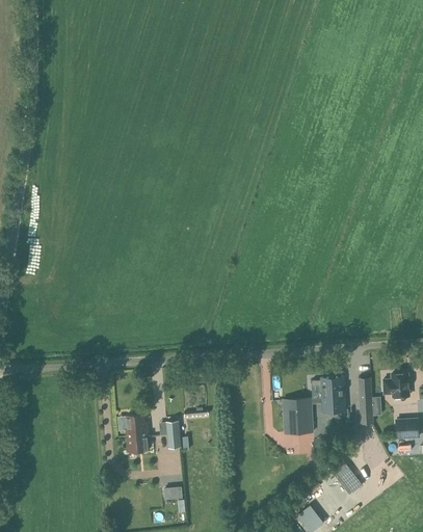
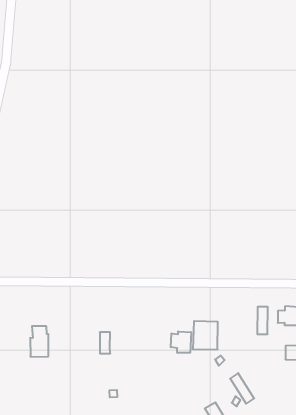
building: [320,378,345,413] -> none
building: none -> [171,331,191,353]
building: [125,415,149,453] -> [30,326,48,357]

